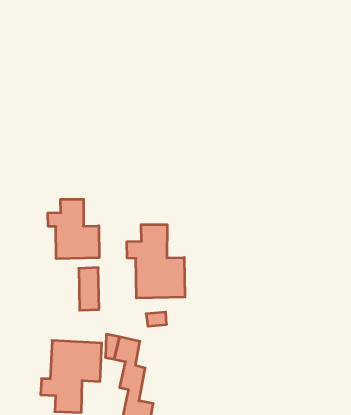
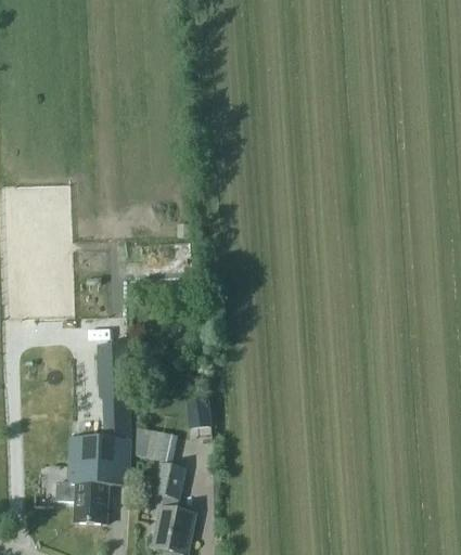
building: [48,199,99,259] -> none
building: [127,225,185,298] -> none

